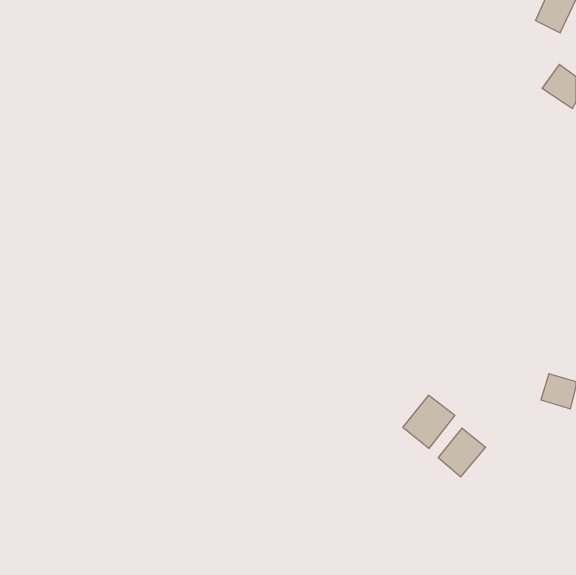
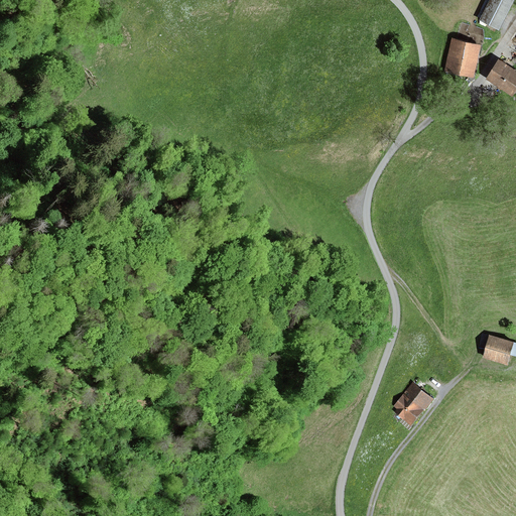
building: none -> [443,38,479,82]
building: [403,395,455,448] -> none

